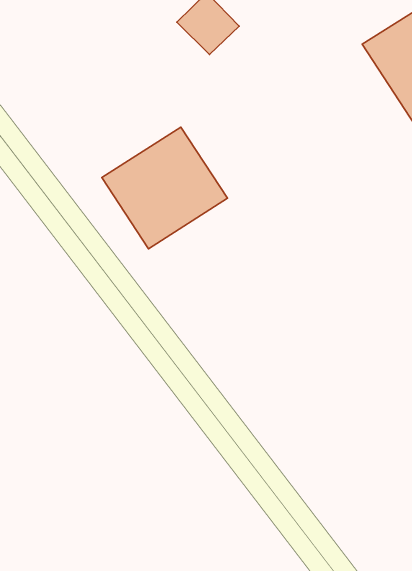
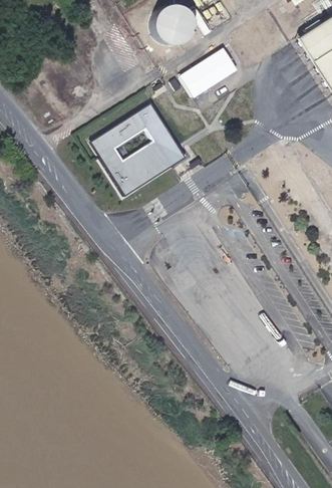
building: none -> [182,46,240,96]

